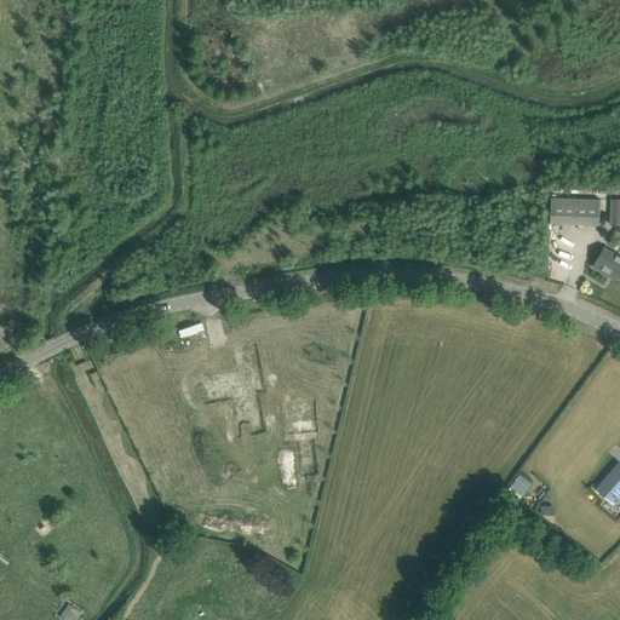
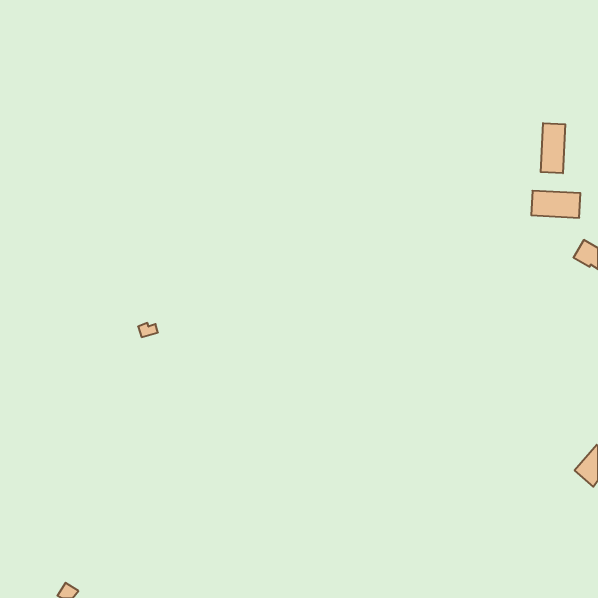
building: none -> [541,123,565,173]

